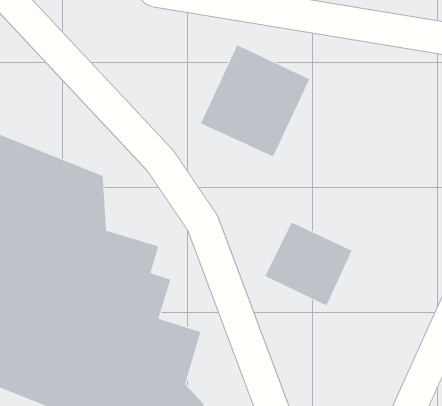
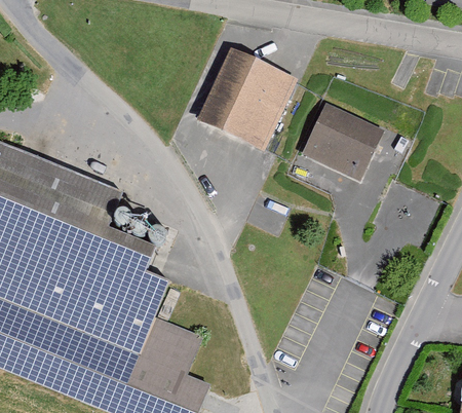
building: [265,222,352,306] -> [298,112,379,190]

